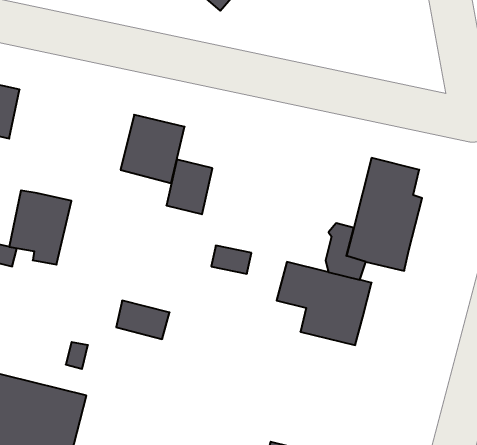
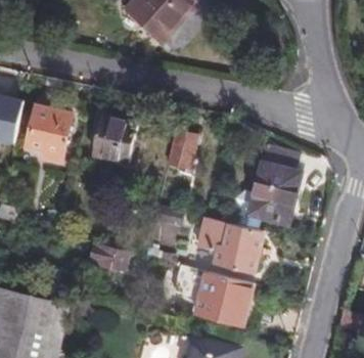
building: [166,159,212,214] -> [167,129,198,167]
building: [9,190,71,265] -> [26,108,69,160]
building: none -> [195,275,252,327]

